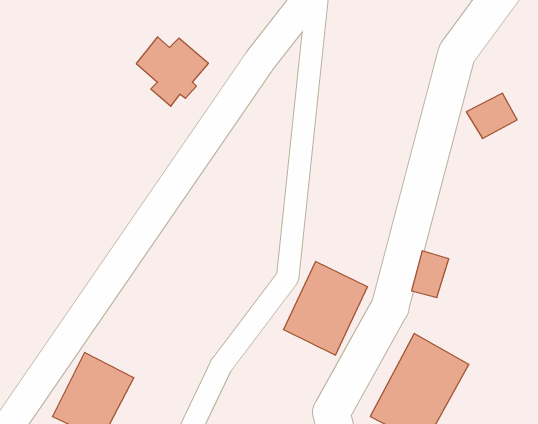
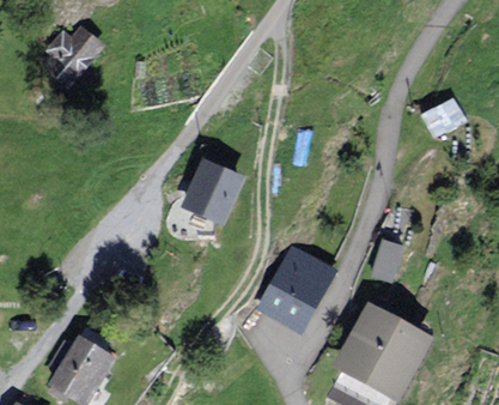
building: [136,37,208,106] -> [42,29,107,91]
building: none -> [182,157,244,219]

